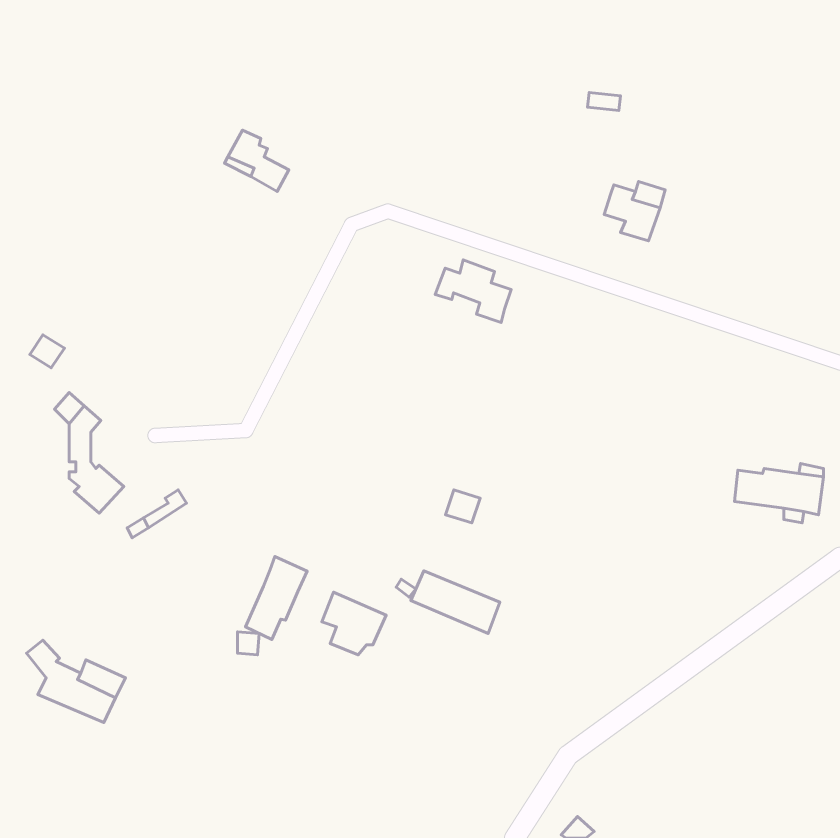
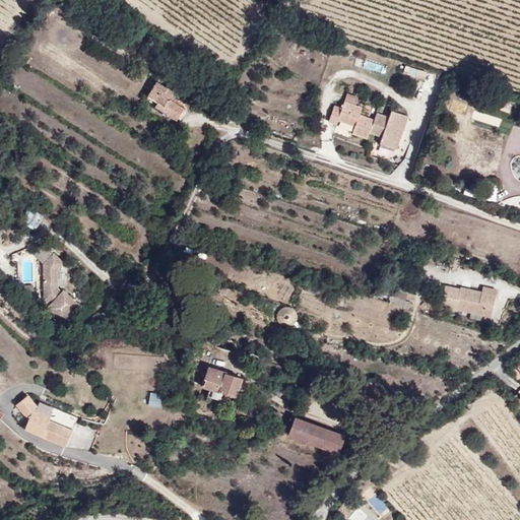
building: [435,260,511,323] -> [329,102,376,140]
building: [245,557,307,639] -> none
building: [411,571,500,633] -> [287,418,342,457]

